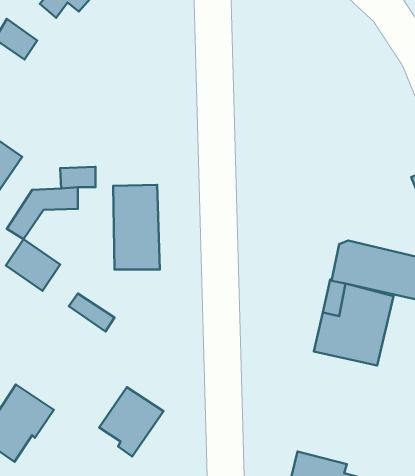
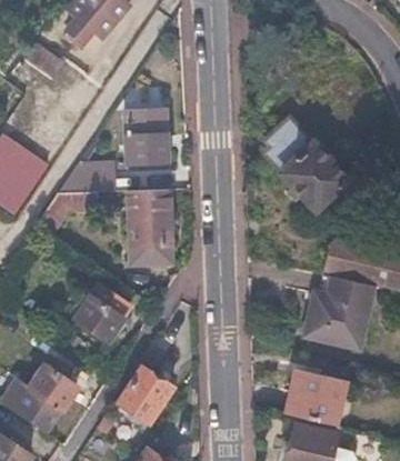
building: none -> [127,110,167,163]
building: none -> [270,120,347,208]
building: [6,239,60,291] -> [76,295,123,341]
building: none -> [287,371,344,427]

